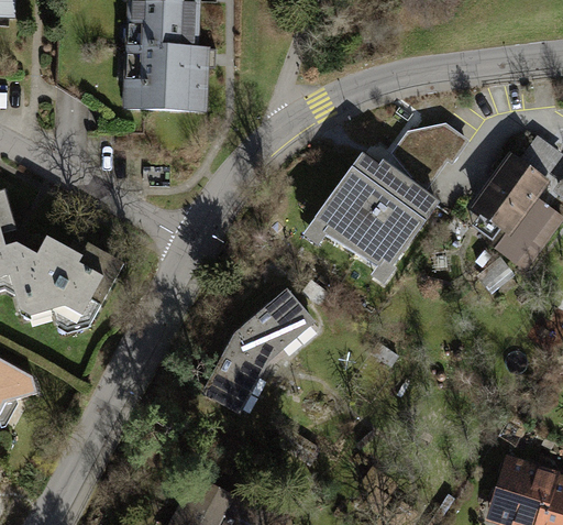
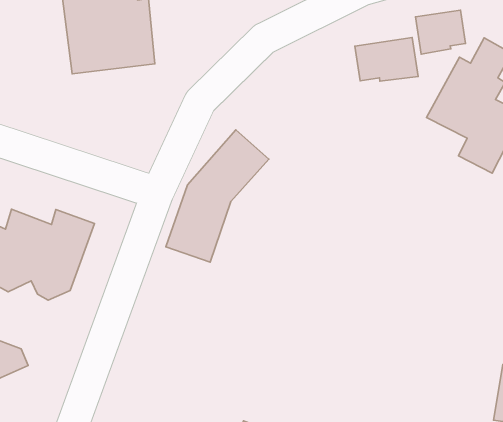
building: none -> [416,10,466,54]
building: [307,155,438,285] -> none
building: [199,287,314,415] -> [166,130,269,262]

